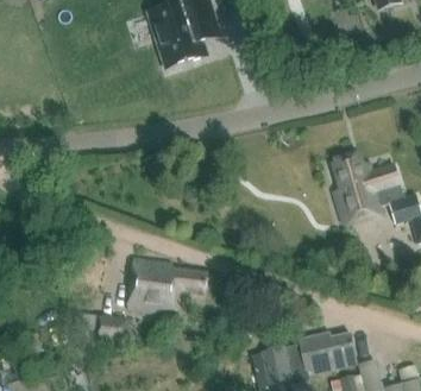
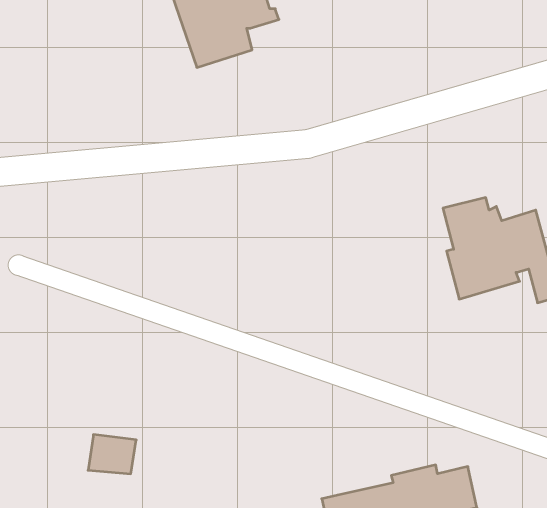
building: [128,258,208,314] -> none

